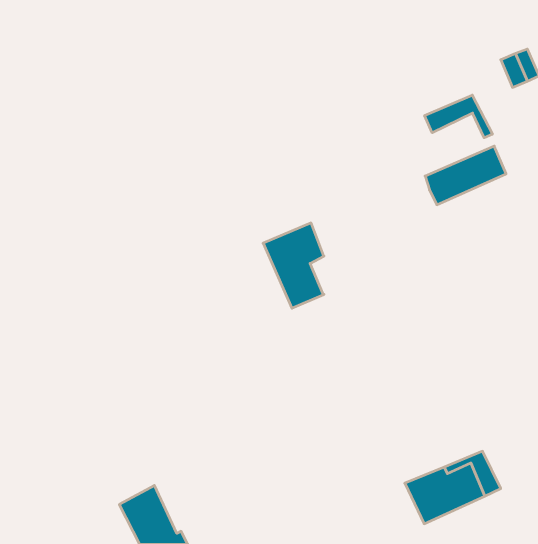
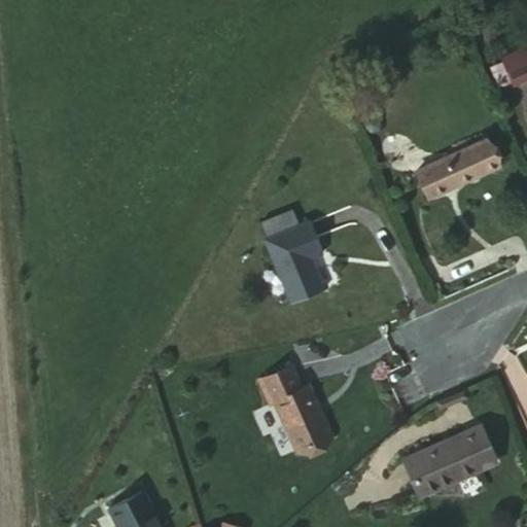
building: [425,95,492,138] -> none
building: none -> [261,364,331,448]

